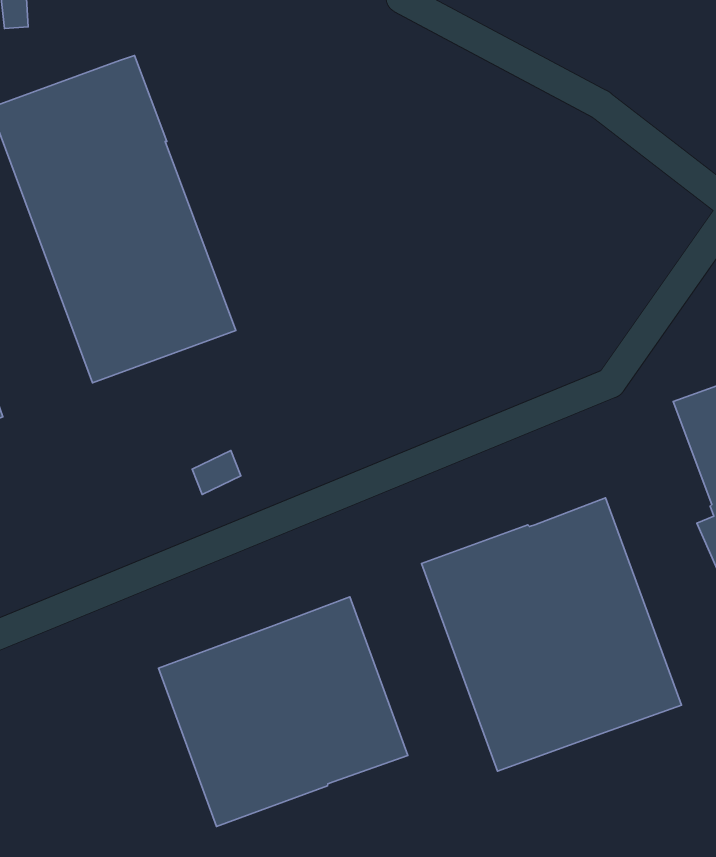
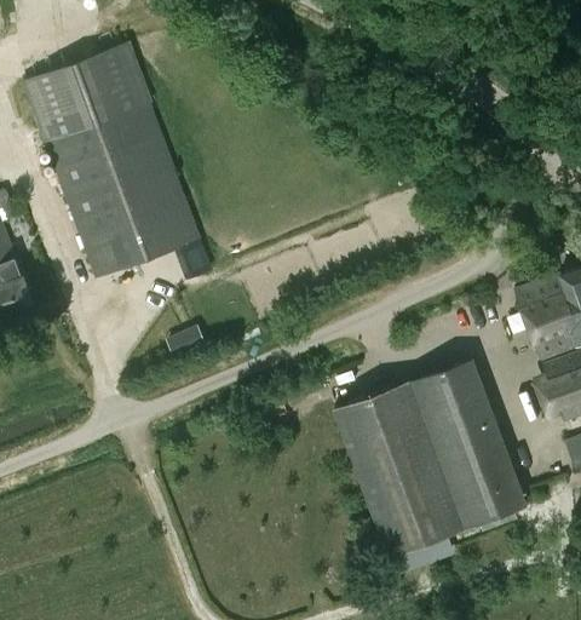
building: [158,597,408,827] -> none

